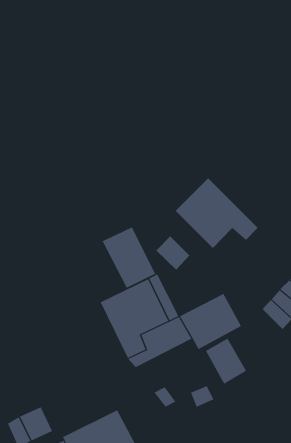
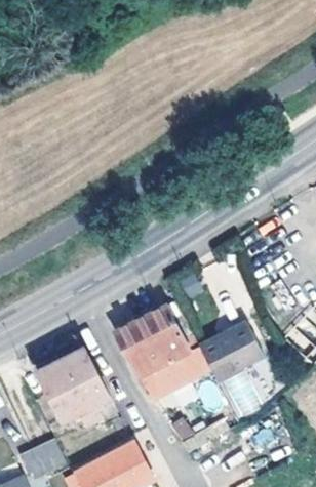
building: [175,177,258,249] -> none
building: [102,226,156,289] -> none
building: none -> [37,347,109,428]

